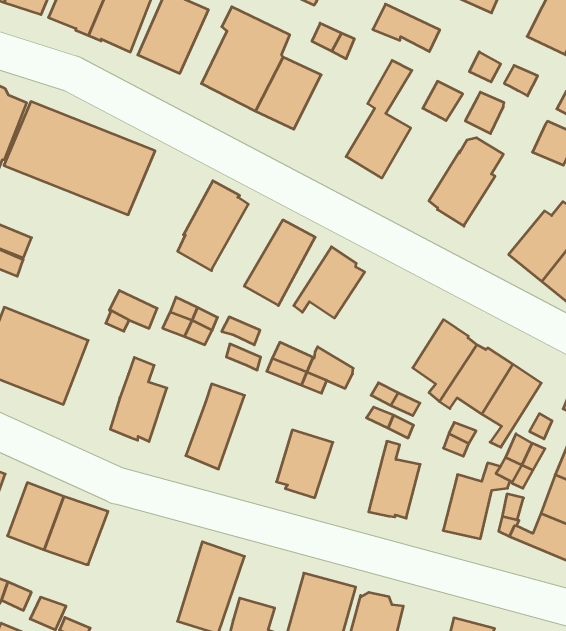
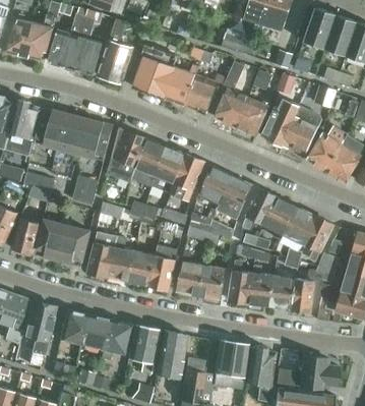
building: none -> [185,74,217,113]
building: none -> [235,97,268,133]
building: none -> [282,105,320,152]
building: none -> [107,127,145,183]
building: none -> [150,148,185,191]
building: none -> [71,175,98,205]
building: none -> [219,176,252,218]
building: none -> [243,188,277,229]
building: none -> [87,232,115,276]
building: none -> [128,242,156,285]
building: none -> [176,251,203,294]
building: none -> [229,259,253,303]
building: none -> [269,275,294,308]
building: none -> [101,320,130,359]
building: none -> [128,325,158,373]

